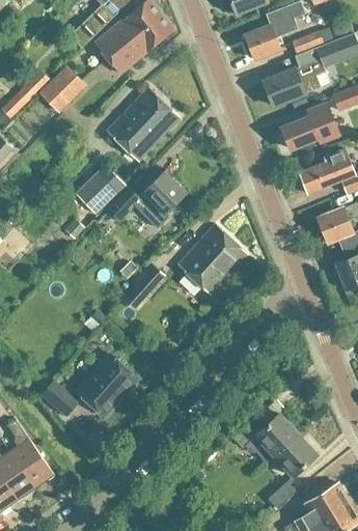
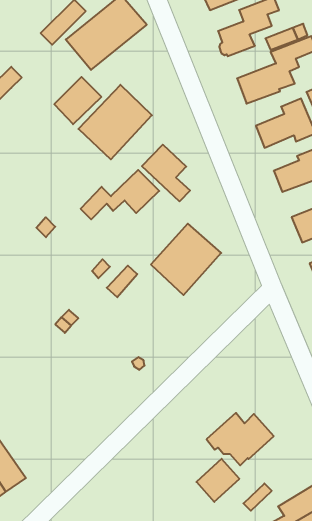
building: [40,65,87,112] -> [54,77,101,124]
building: none -> [142,145,190,201]
building: [76,172,117,213] -> none
building: [77,354,137,415] -> none
building: [43,381,77,414] -> none
building: [275,434,318,476] -> [196,459,239,502]

